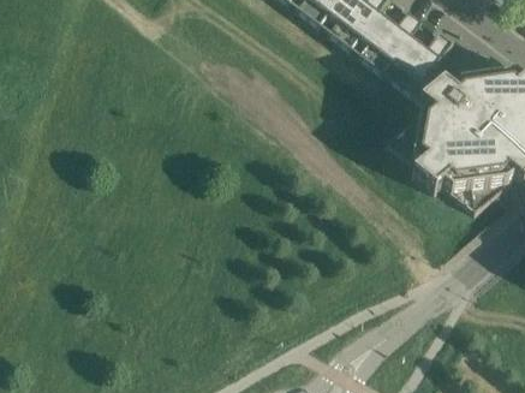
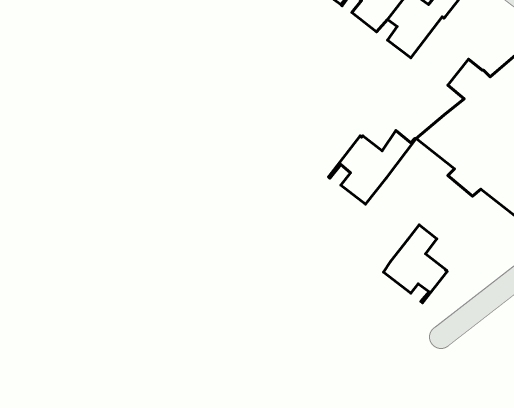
building: [380,29,457,94] -> [329,130,416,204]
building: none -> [384,225,447,303]

